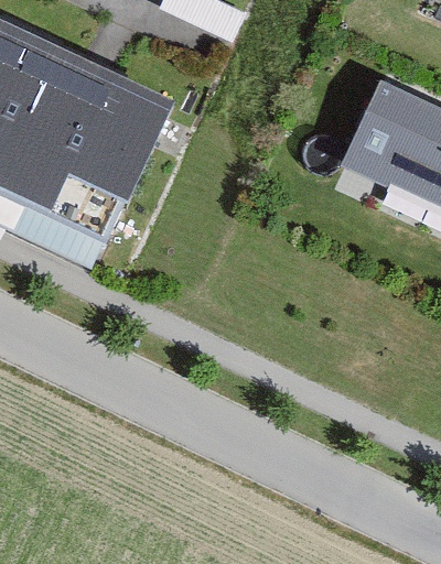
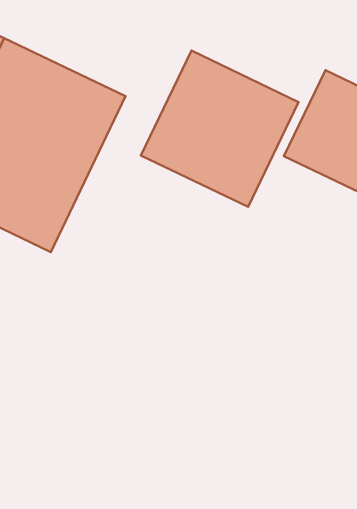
building: none -> [141,51,299,207]

